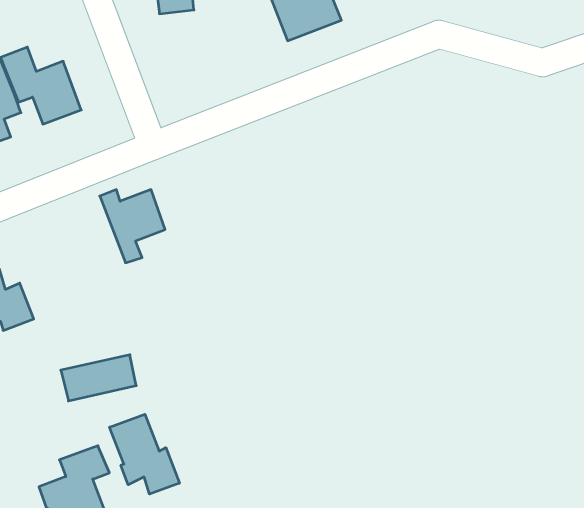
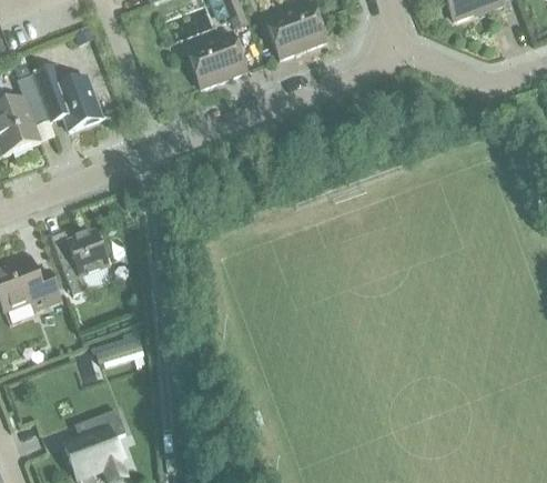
building: none -> [185,31,247,88]
building: [100,190,165,263] -> [51,231,108,294]
building: [110,414,179,494] -> none

